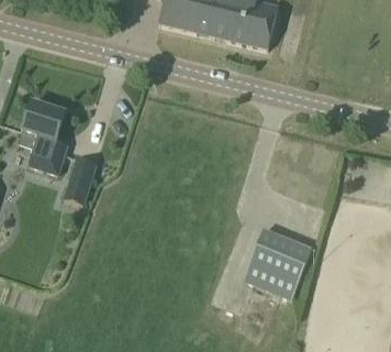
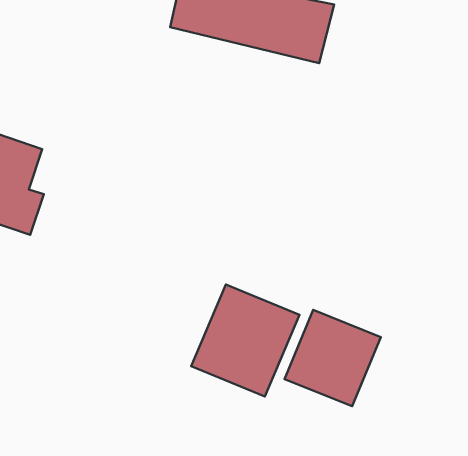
building: [65,157,97,205] -> none
building: none -> [191,284,300,397]

